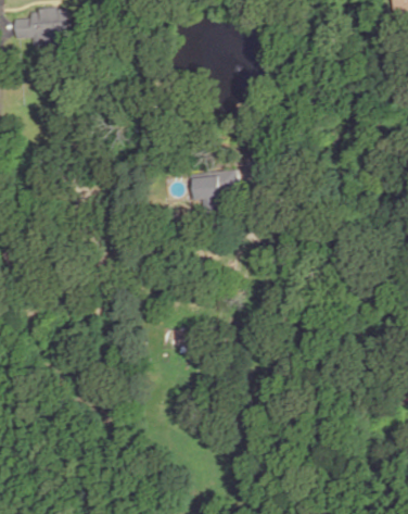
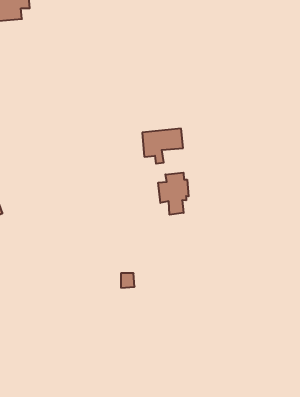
building: none -> [158,173,189,215]

